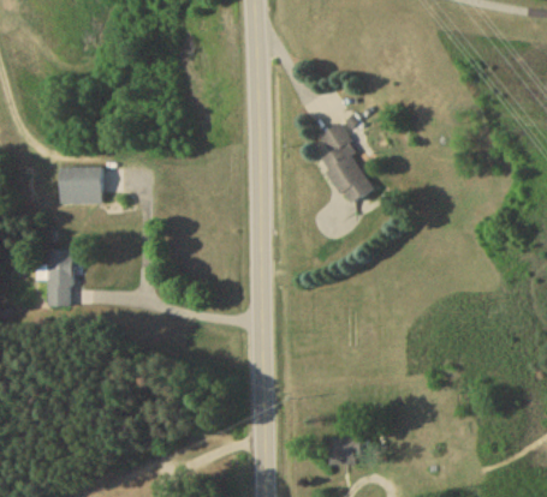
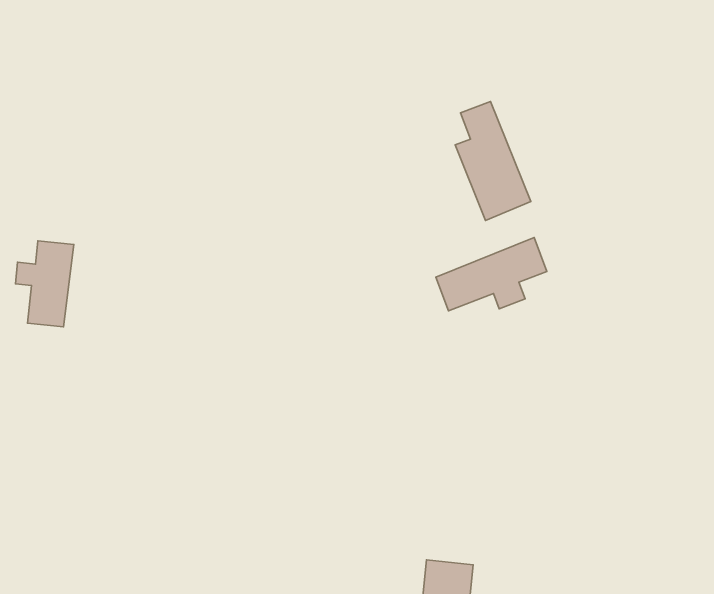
building: [59,168,100,204] -> none
building: none -> [436,238,547,311]

